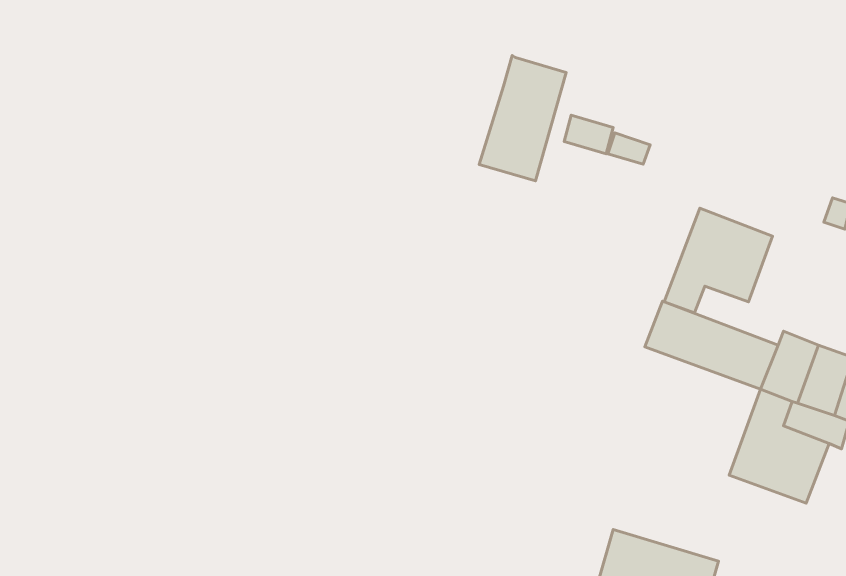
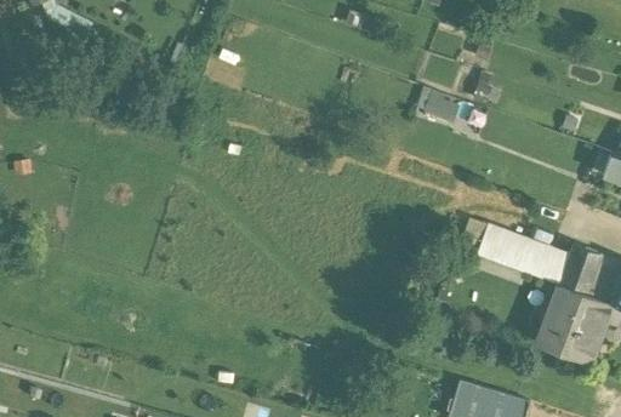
building: [479,55,566,181] -> none
building: [664,208,773,313] -> none

